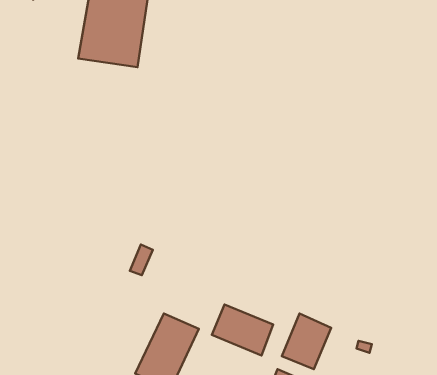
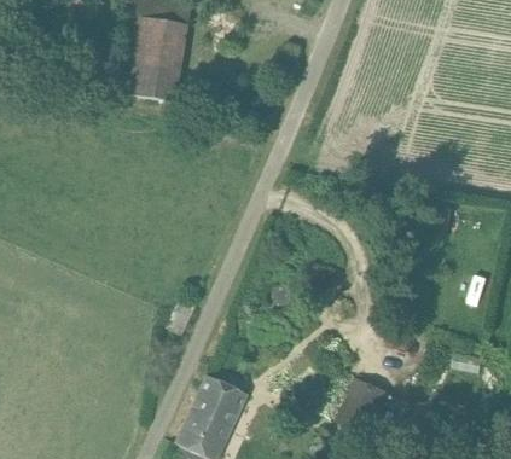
building: [212,304,273,356] -> none

